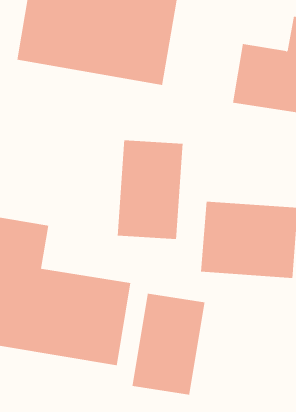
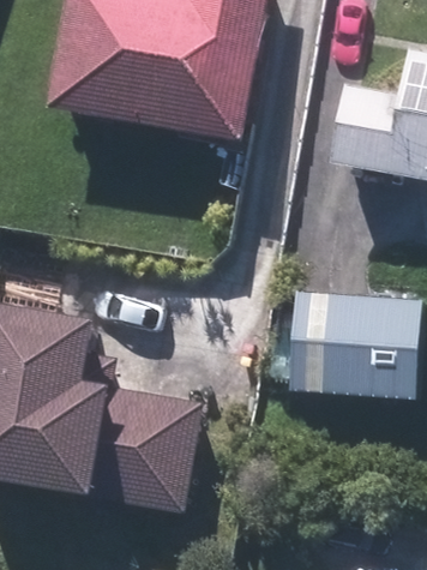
building: [117,140,183,240] -> none
building: [132,293,205,396] -> none

